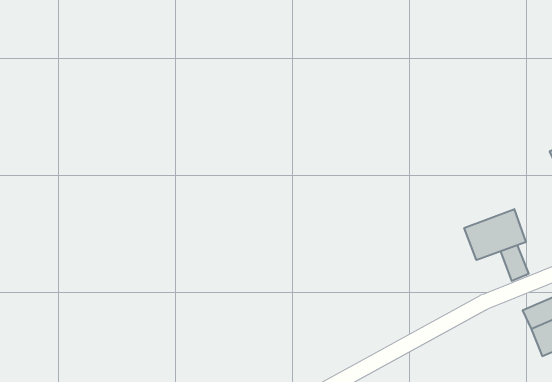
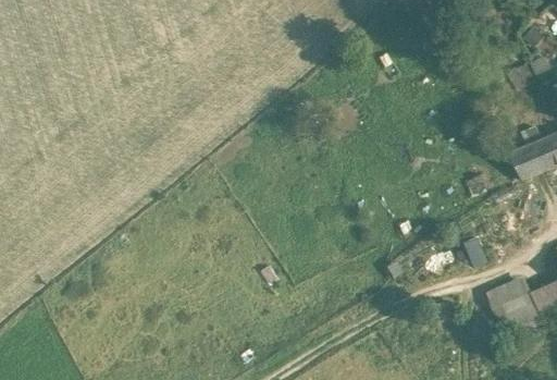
building: [464,209,526,260] -> none

